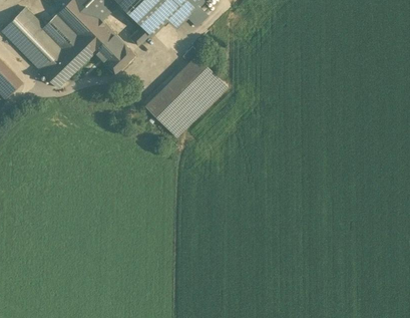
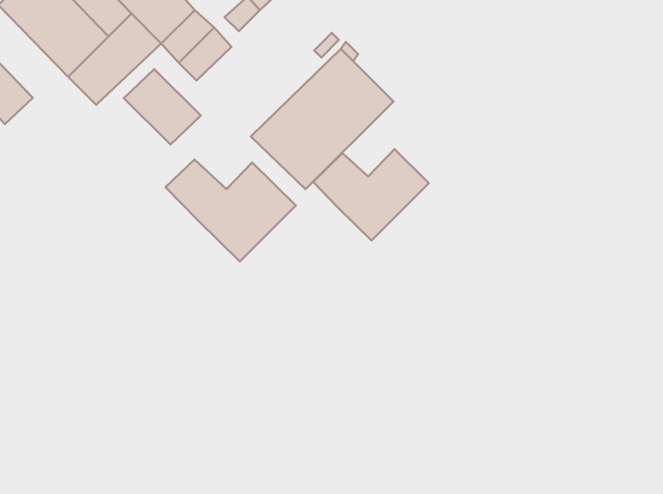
building: none -> [124,69,201,145]
building: none -> [313,149,429,240]
building: none -> [166,159,296,261]

